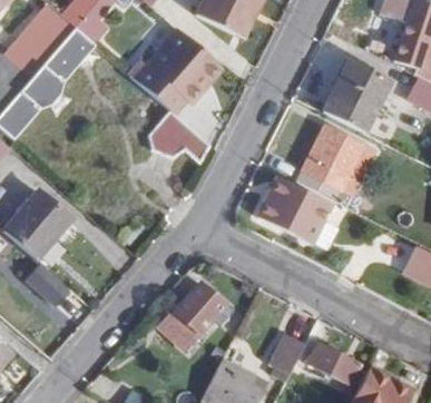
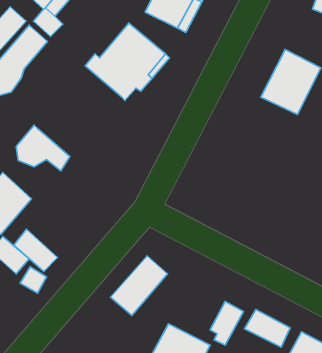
building: [151,109,210,159] -> [16,125,70,171]
building: [300,126,373,202] -> none
building: [256,176,330,244] -> none
building: none -> [14,229,57,271]

